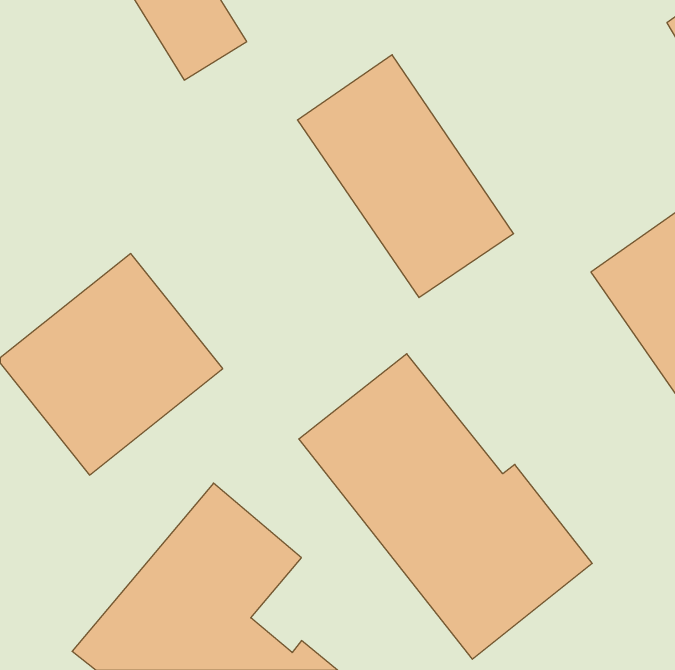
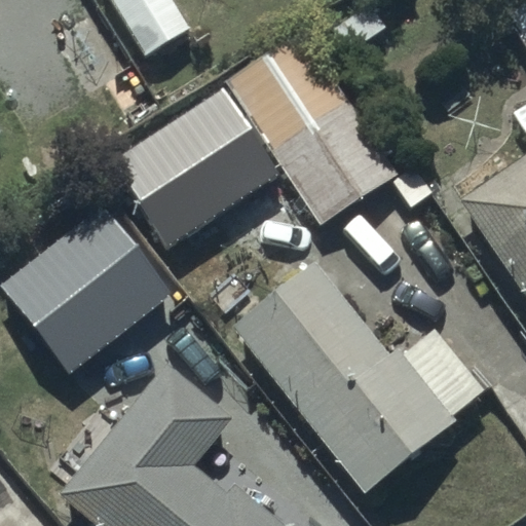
building: none -> [117,81,280,238]

